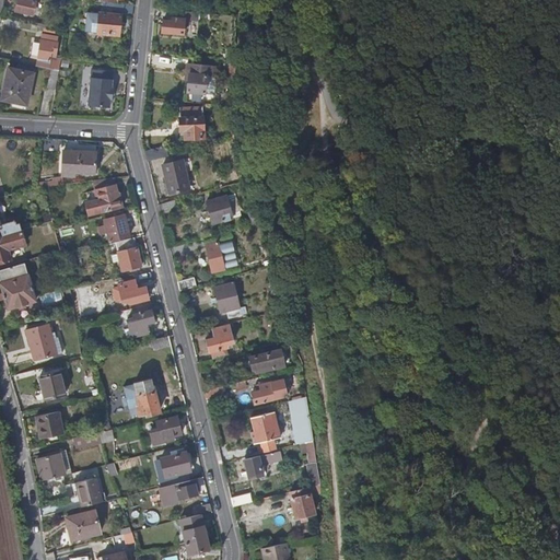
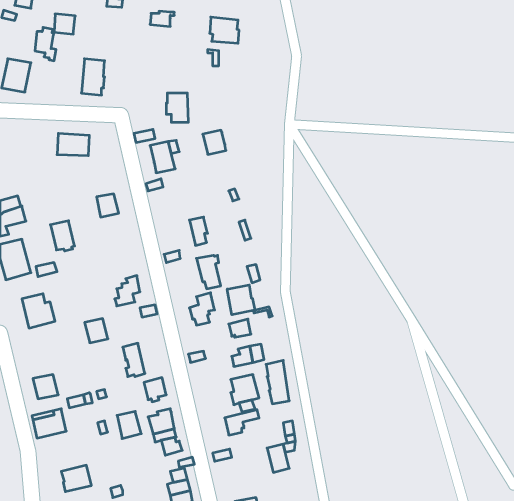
building: [98,13,121,35] -> [54,14,75,34]
building: [186,62,218,91] -> [210,17,239,43]
building: [90,178,121,212] -> none
building: [207,196,232,222] -> [203,130,226,154]
building: [115,237,141,270] -> [50,221,75,251]
building: [113,279,148,303] -> none
building: none -> [227,285,255,315]
building: [39,373,65,399] -> [85,319,108,343]
building: [77,477,103,506] -> [117,411,141,439]

